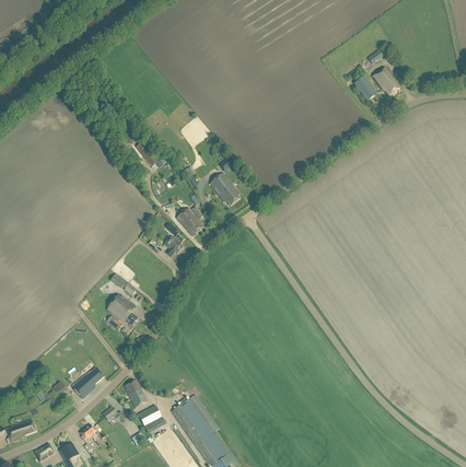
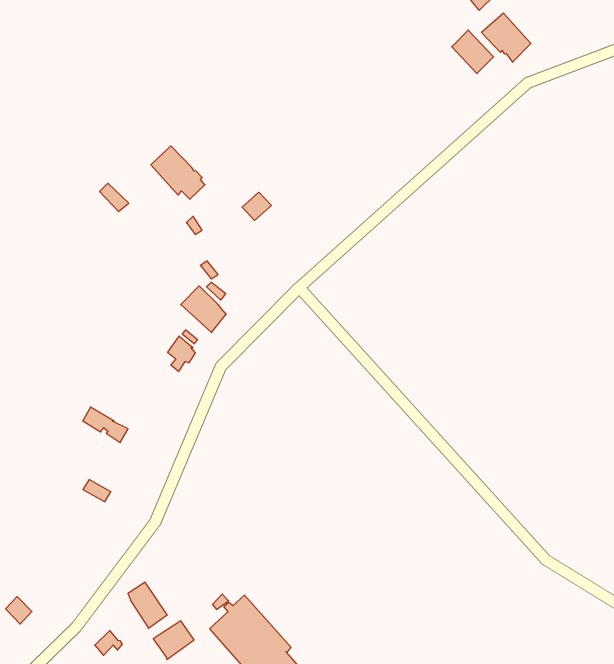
building: [210,174,241,207] -> [151,146,205,199]
building: [107,294,138,326] -> none
building: [72,367,105,399] -> none

